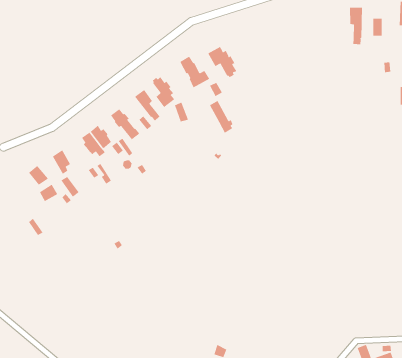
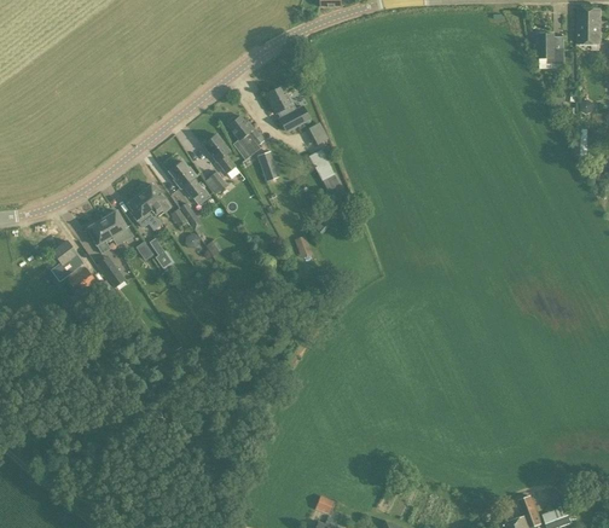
building: [349,7,362,45] -> none
building: [208,46,237,78] -> none
building: none -> [100,210,130,245]

